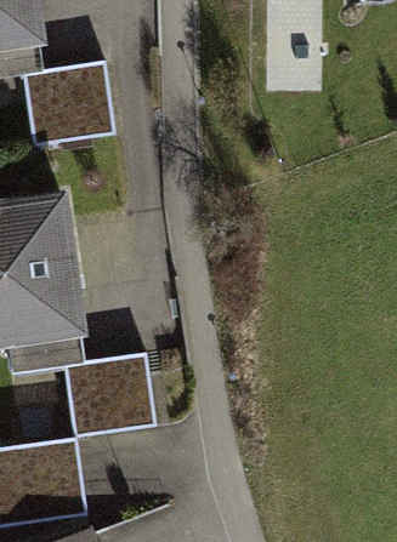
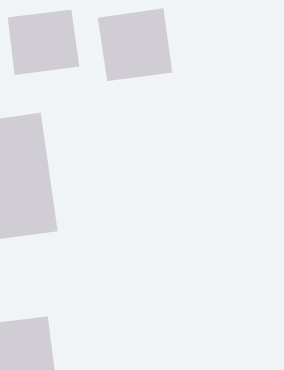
building: none -> [97,7,173,82]
building: [64,355,154,437] -> none

